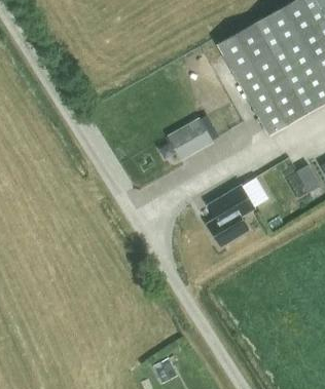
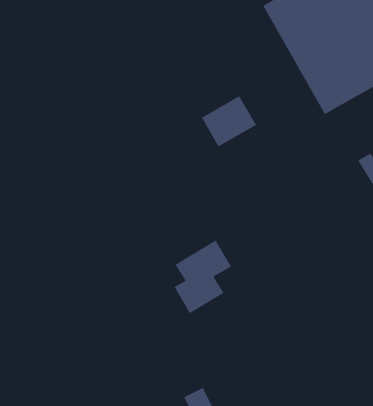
building: [207,185,255,246] -> [173,239,232,314]

